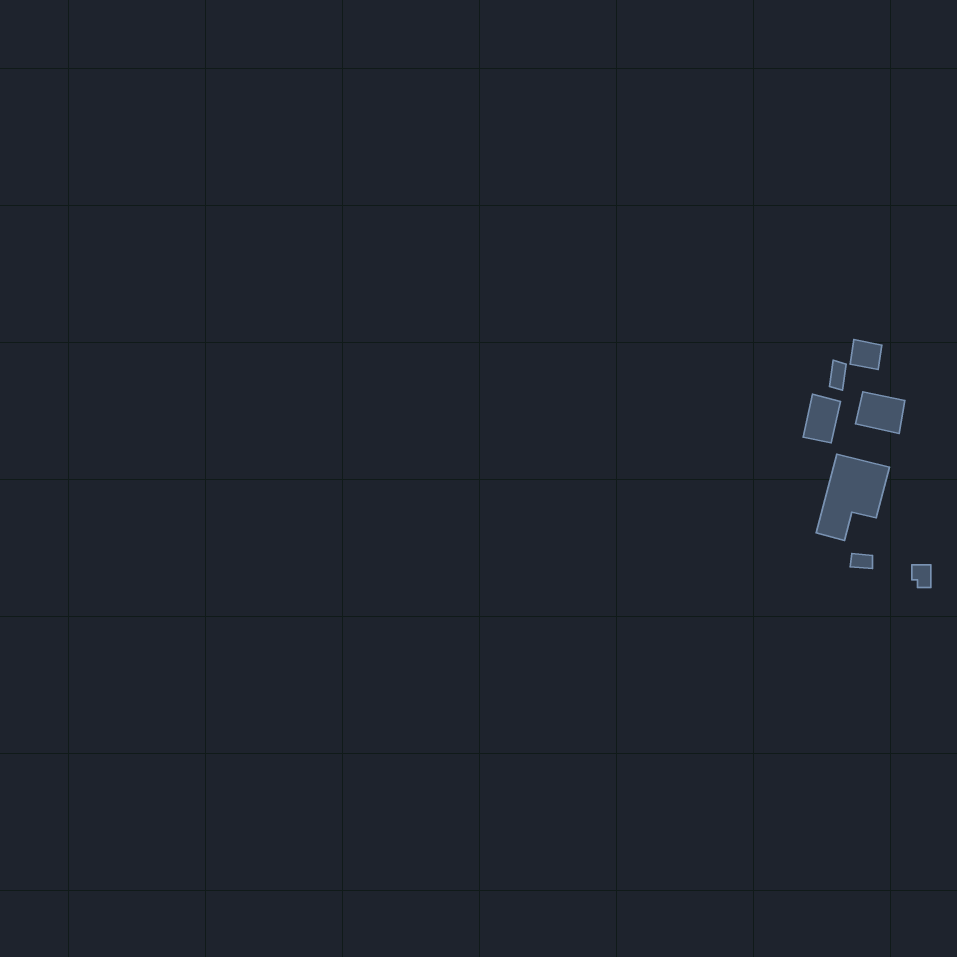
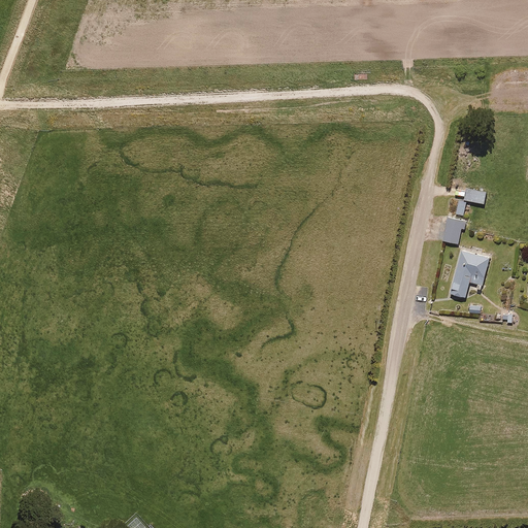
building: [855,392,905,433] -> none

